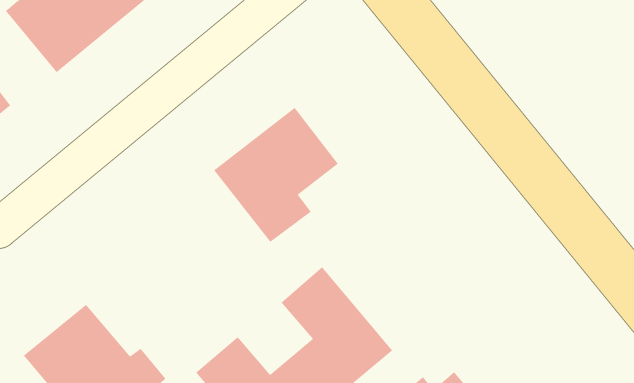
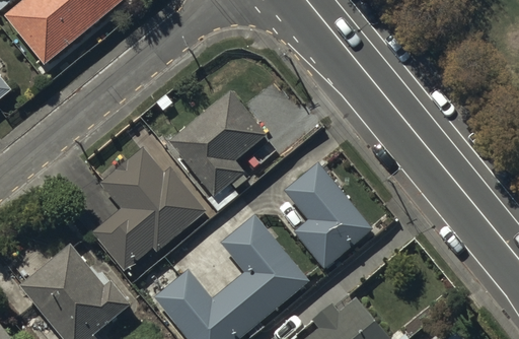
building: none -> [93,146,205,270]
building: none -> [283,162,371,268]

